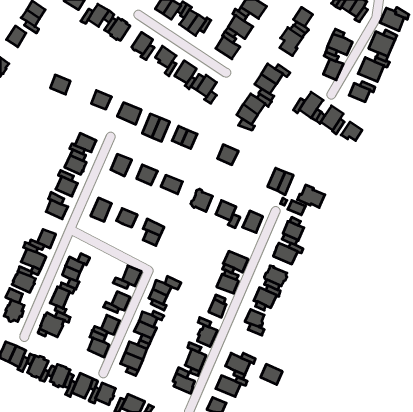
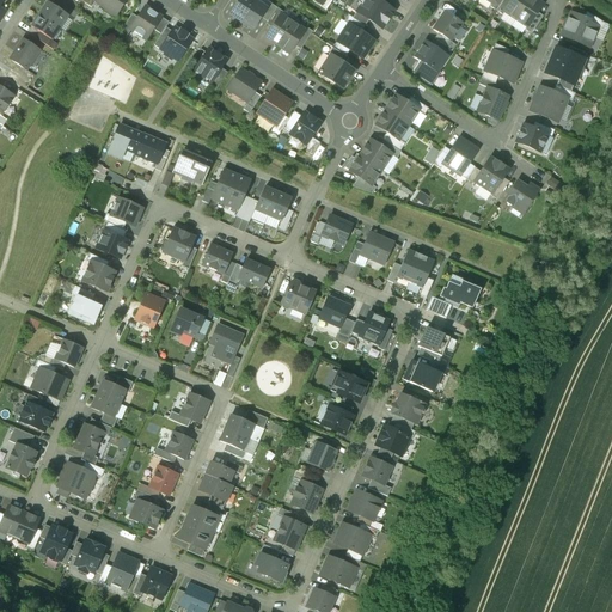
building: [50,75,70,94] -> [112,124,142,153]
building: none -> [360,232,394,264]
building: [261,364,282,385] -> [348,490,380,520]

